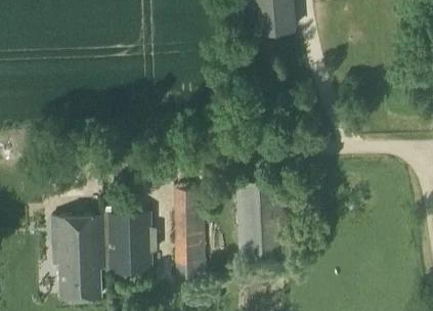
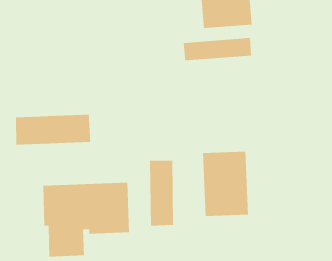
building: none -> [183,37,251,61]
building: none -> [15,114,91,146]

